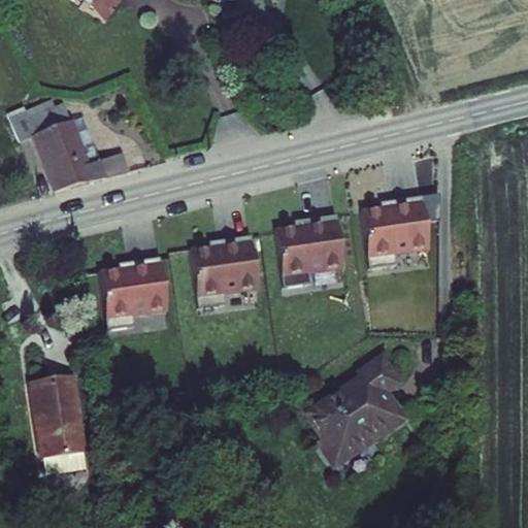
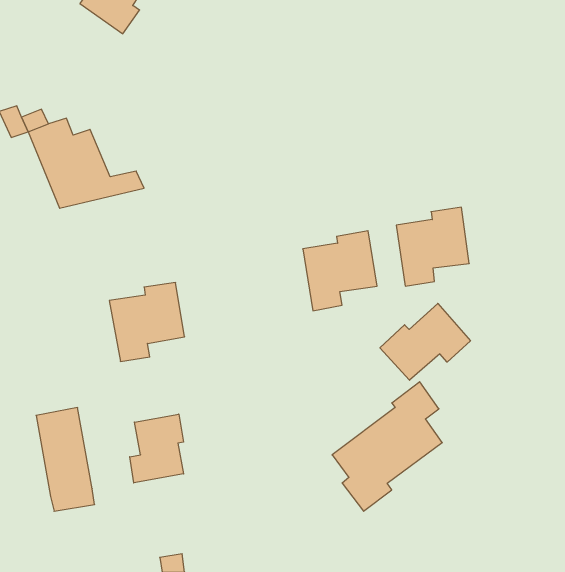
building: [192,234,260,307] -> none
building: none -> [380,303,470,380]
building: none -> [130,414,184,483]

